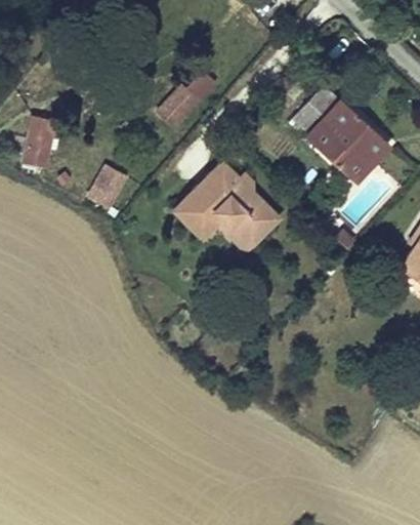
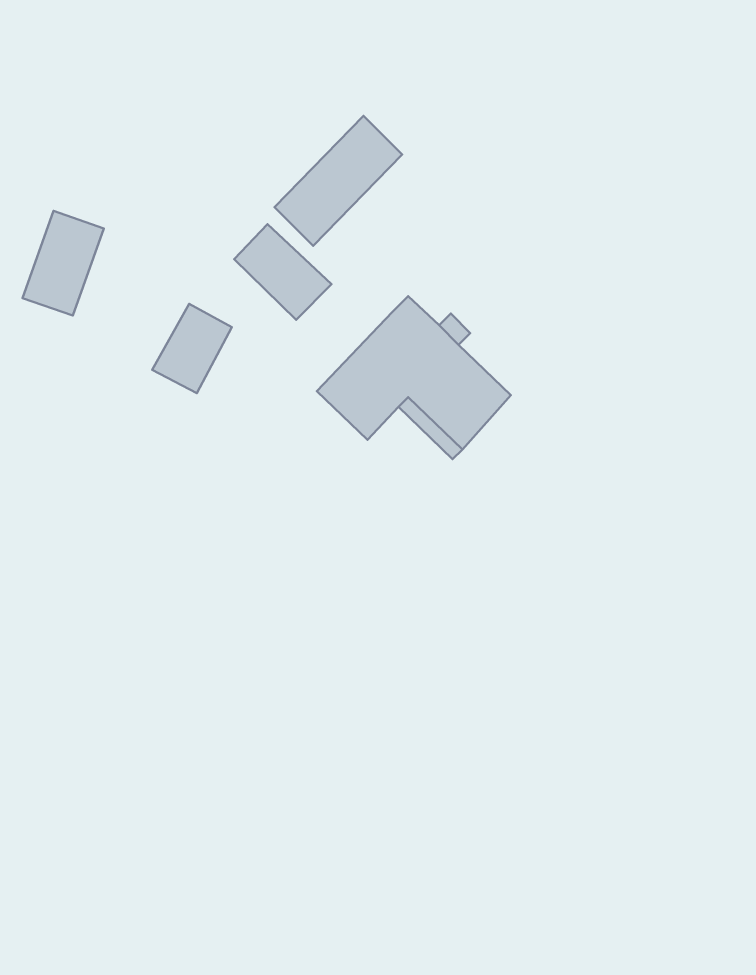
building: [298,92,392,185] -> none
building: none -> [234,224,331,320]

